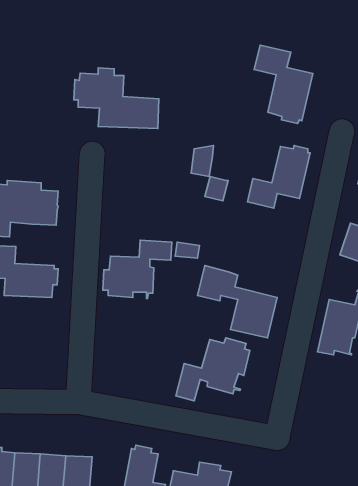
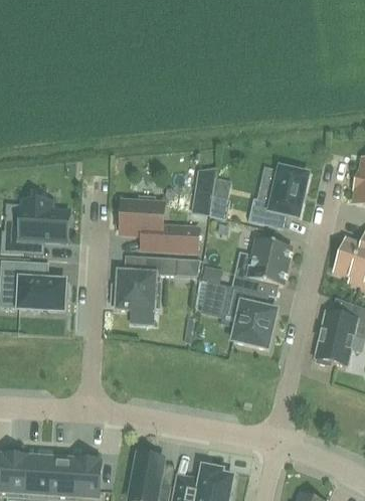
building: [254,45,313,124] -> none
building: [74,68,159,128] -> [117,196,197,254]
building: none -> [231,238,292,293]
building: [176,338,250,401] -> none

